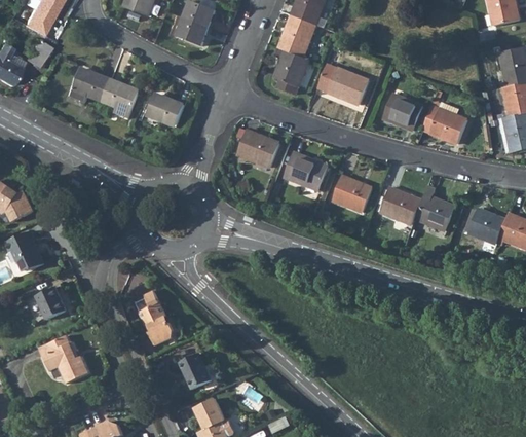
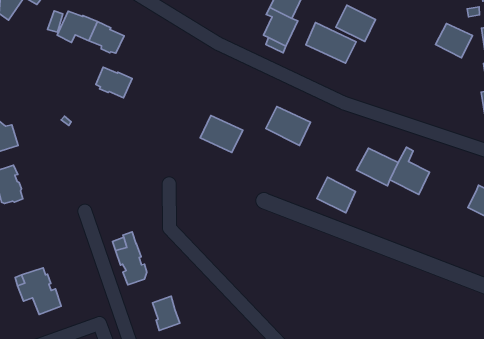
building: [381,90,421,126] -> [336,5,376,42]
building: [146,98,183,128] -> [96,67,132,98]
building: [428,106,465,140] -> [436,23,472,58]
building: [236,130,279,166] -> [200,116,243,152]
building: [334,173,373,208] -> [317,177,355,213]
building: [466,208,504,244] -> none
building: [34,287,65,320] -> none

